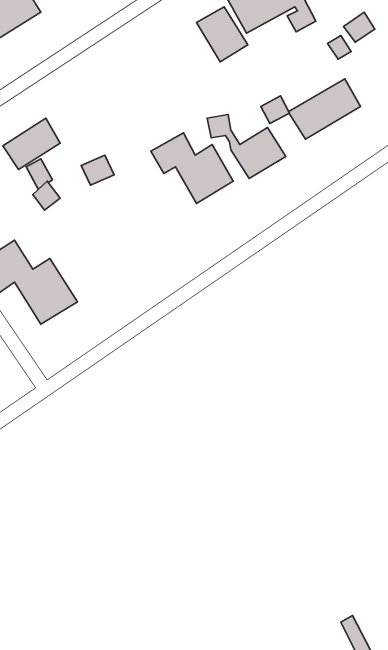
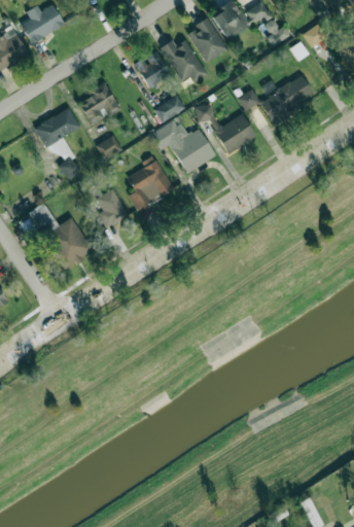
building: none -> [161,40,208,81]
building: none -> [135,51,172,89]
building: none -> [78,82,120,126]
building: none -> [154,95,185,122]
building: none -> [128,155,174,211]
building: none -> [97,188,129,227]

